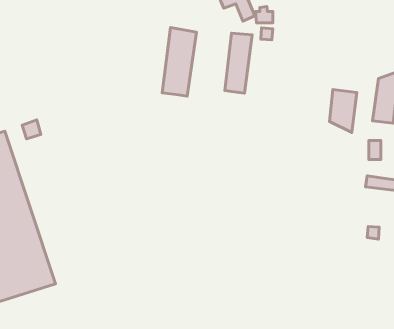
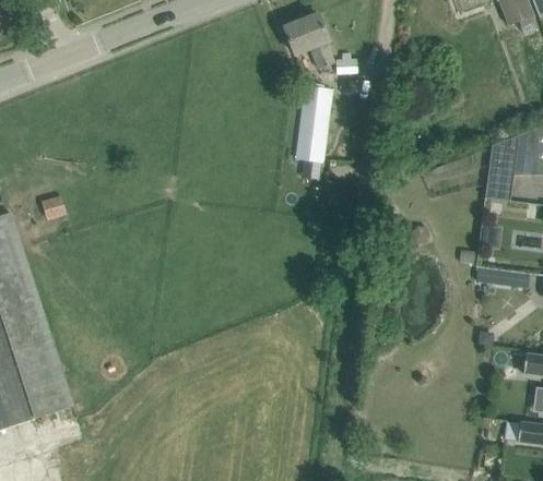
building: [162,28,196,96] -> none
building: [329,89,357,132] -> none

